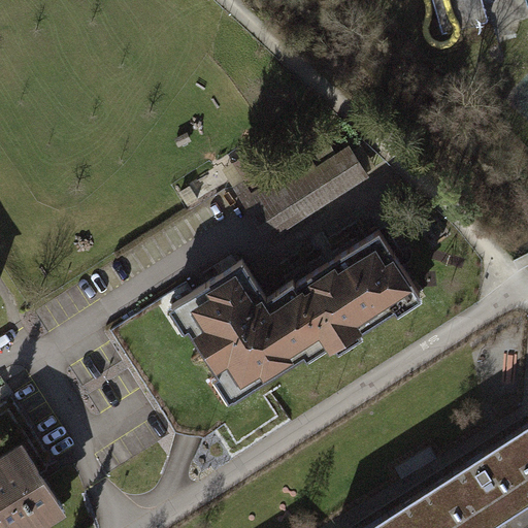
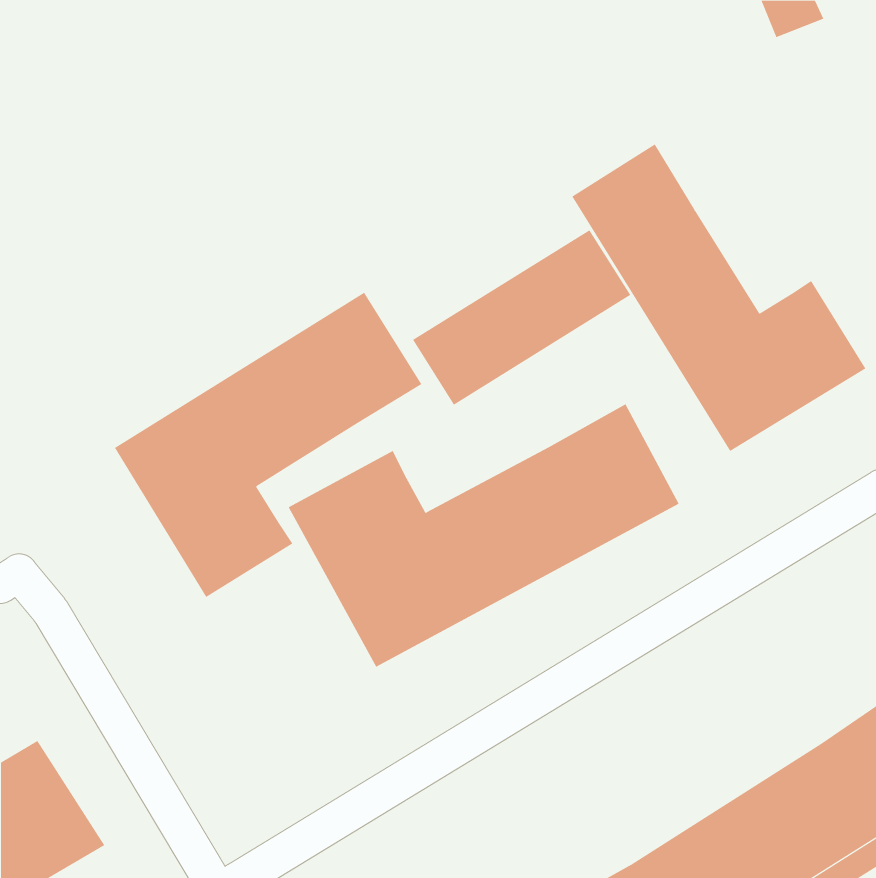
building: none -> [571,144,866,452]
building: none -> [114,292,422,598]

